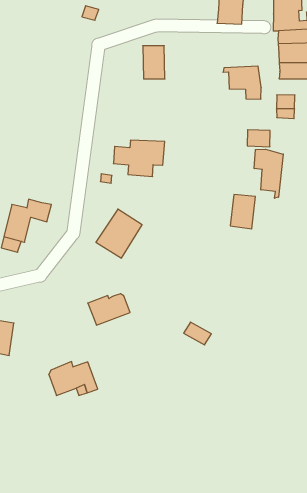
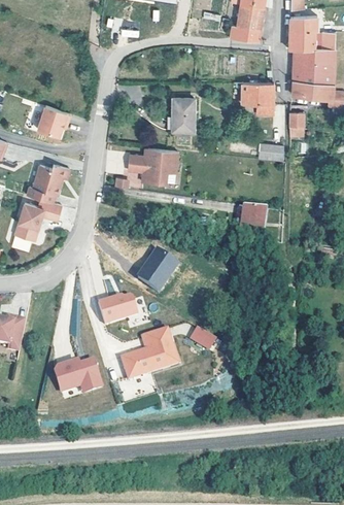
building: [143,46,165,79] -> [173,96,195,129]
building: none -> [43,105,75,137]
building: [254,149,283,198] -> none
building: none -> [32,164,75,203]
building: [96,209,142,258] -> [136,243,181,291]
building: none -> [119,327,177,378]

